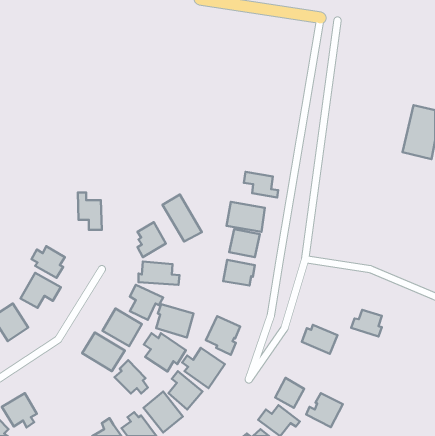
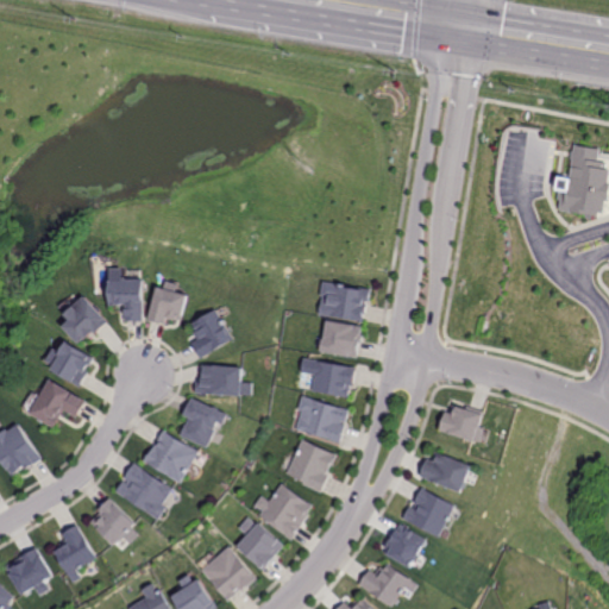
building: [244,172,278,198] -> none
building: [163,194,202,242] -> none
building: none -> [149,287,187,324]
building: none -> [62,302,107,344]
building: [156,304,194,337] -> [295,396,347,442]
building: [351,310,382,336] -> [440,404,483,441]
building: [144,333,186,371] -> none
building: [115,360,148,393] -> [89,497,136,544]
building: none -> [50,525,93,582]
building: [306,393,343,427] -> [403,489,454,536]

